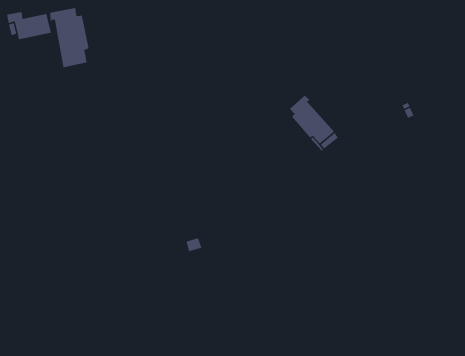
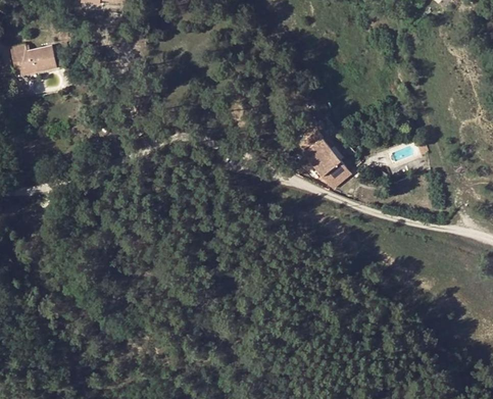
building: [49,7,89,68] -> none

